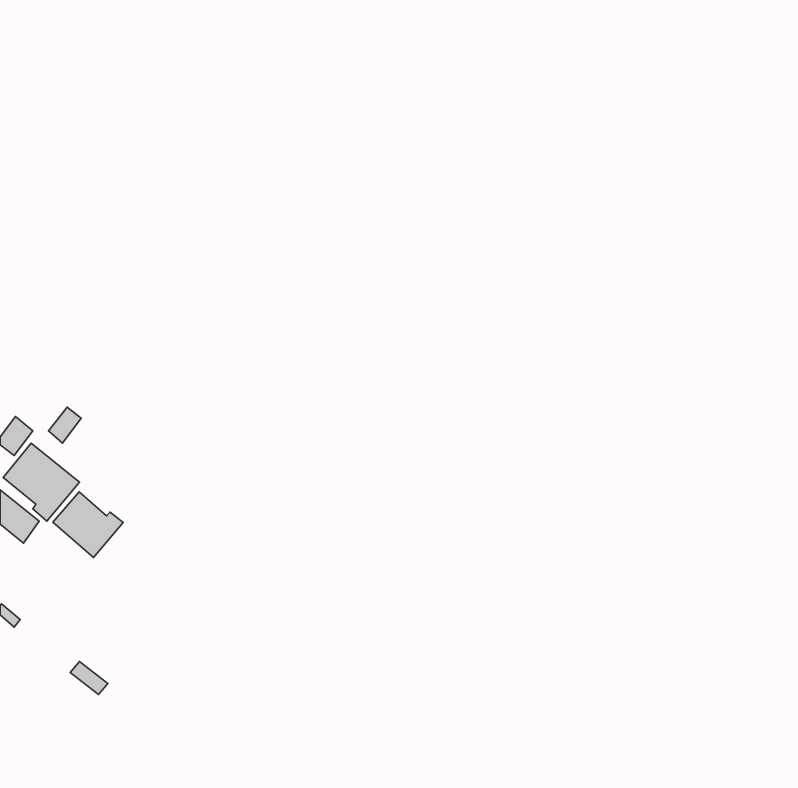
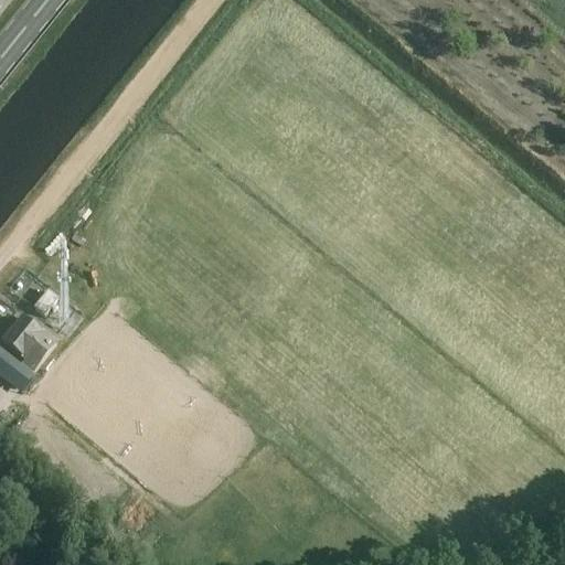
building: [53,492,123,558] -> none

